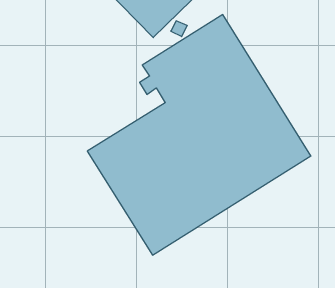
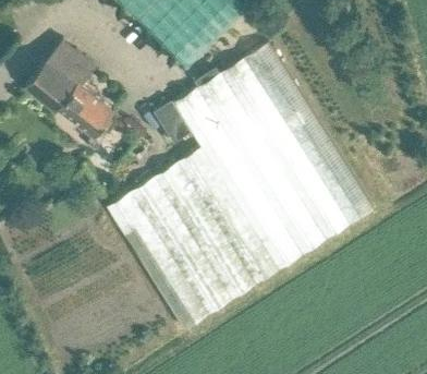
building: none -> [25,40,115,137]

